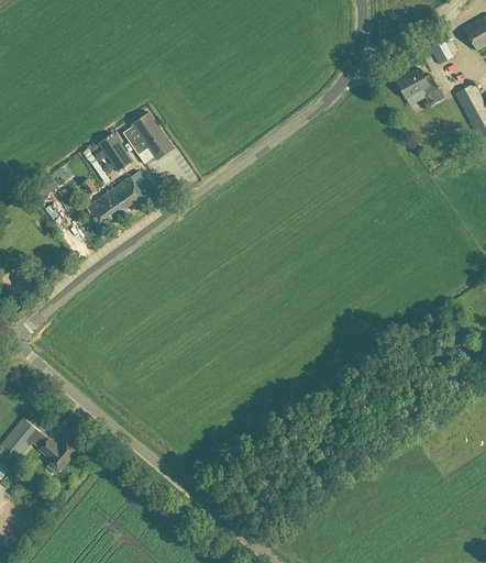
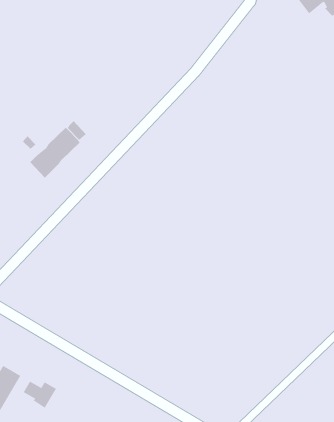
building: [123,111,174,158] -> none
building: [100,132,133,169] -> none

